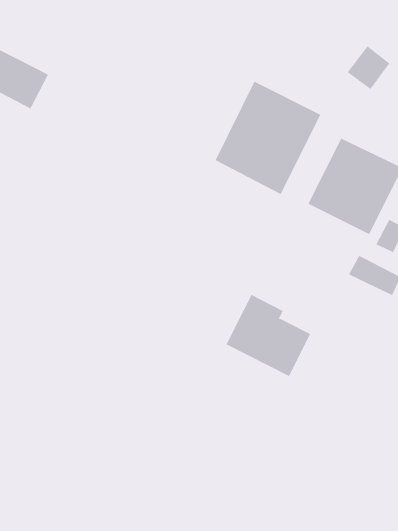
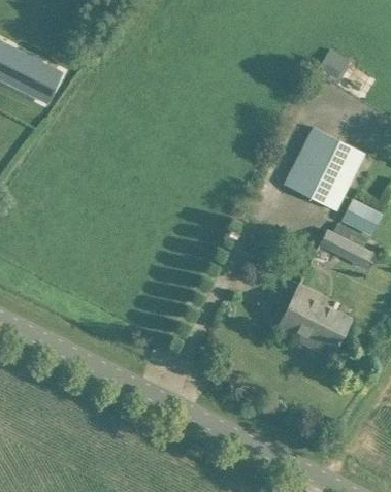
building: [215,81,321,195] -> none
building: [226,294,311,377] -> [276,285,350,356]

